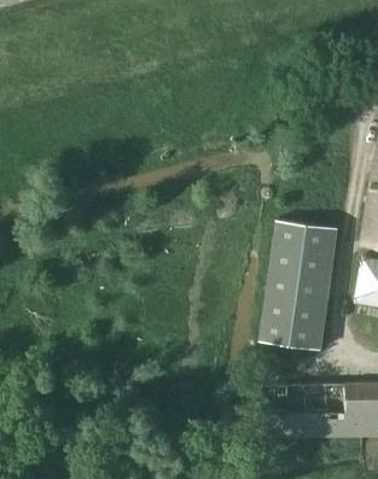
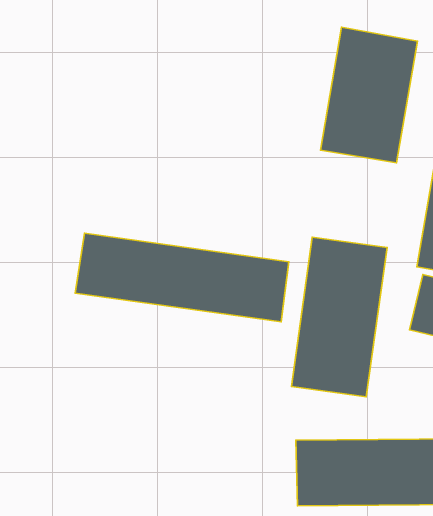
building: none -> [320,27,417,163]
building: none -> [75,233,289,322]

